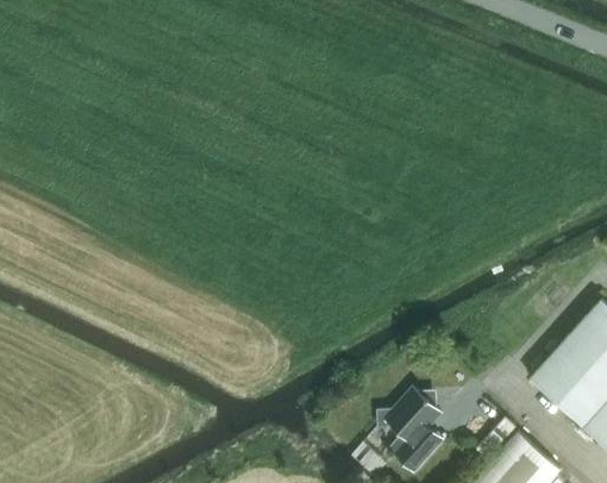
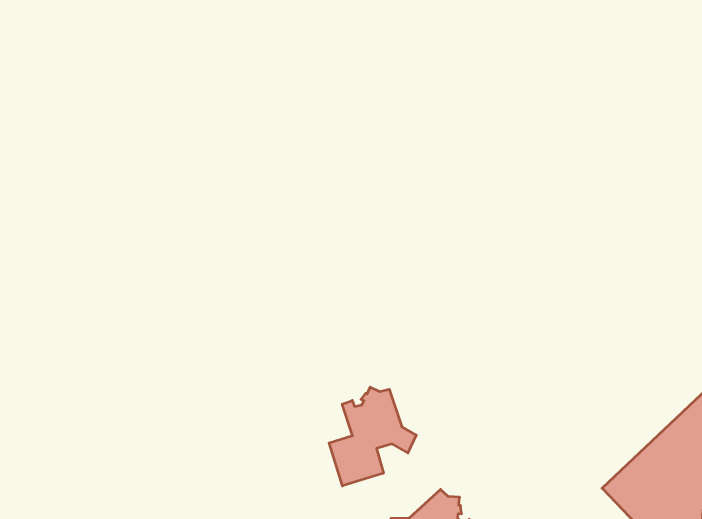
building: none -> [329,387,416,486]

